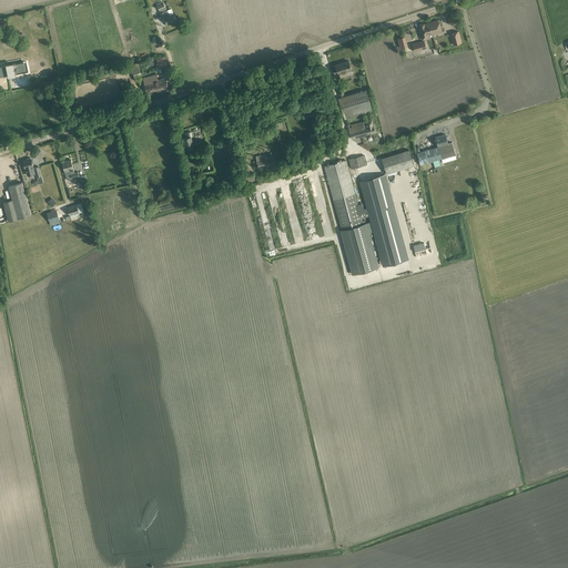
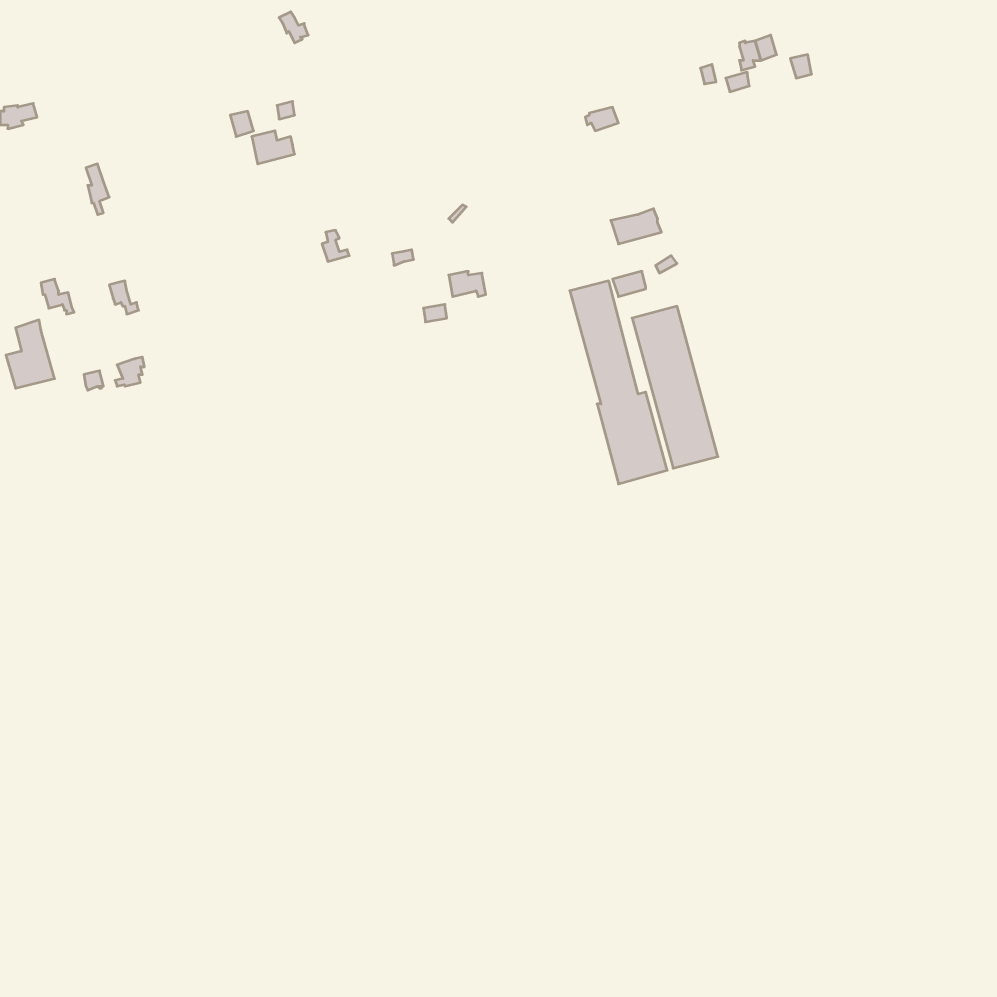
building: [336,82,373,119] -> none
building: [417,134,456,164] -> none
building: [382,150,414,174] -> none

